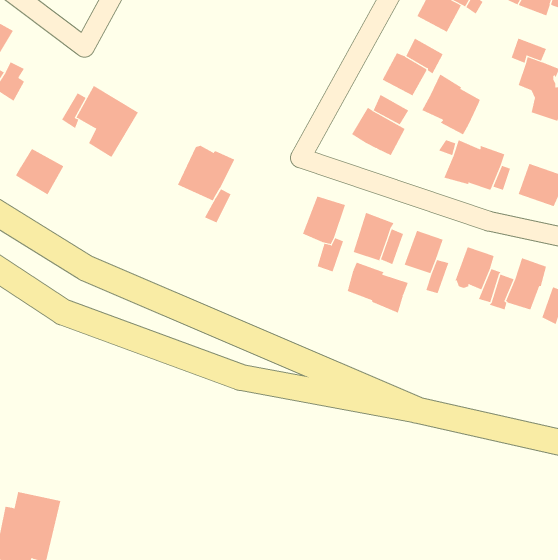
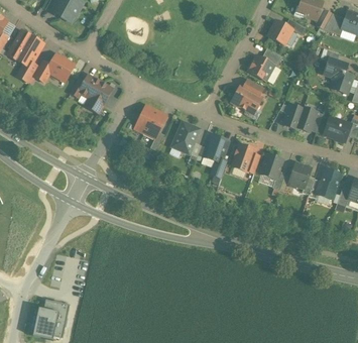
building: [421,73,481,135] -> none
building: [15,148,64,195] -> [46,53,74,80]
building: none -> [171,121,199,152]
building: [347,262,409,314] -> none

